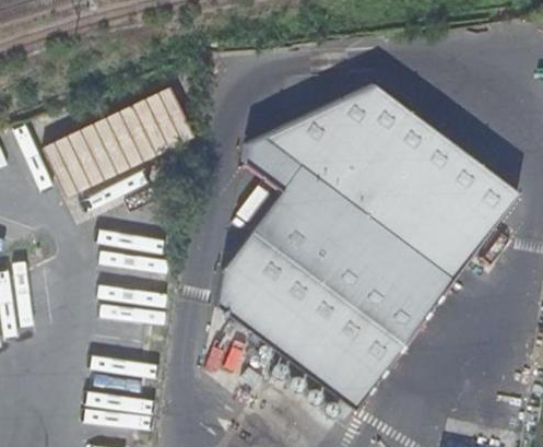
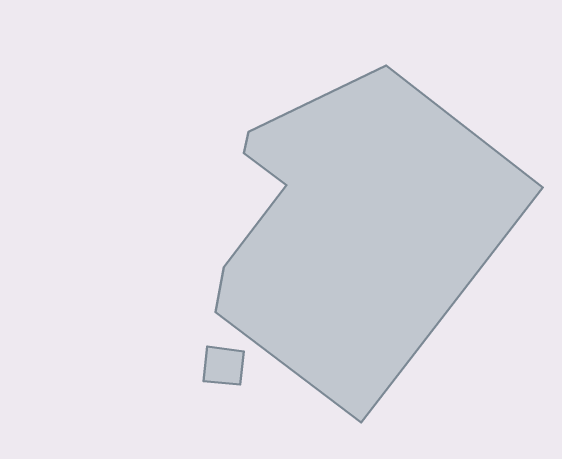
building: [44,87,190,197] -> none

